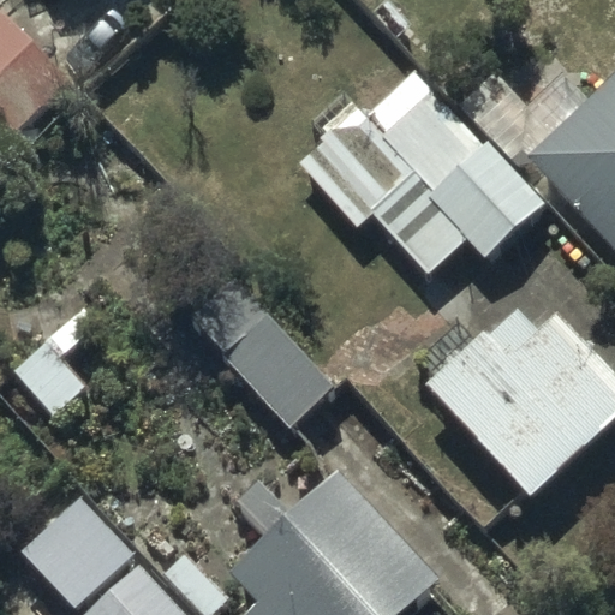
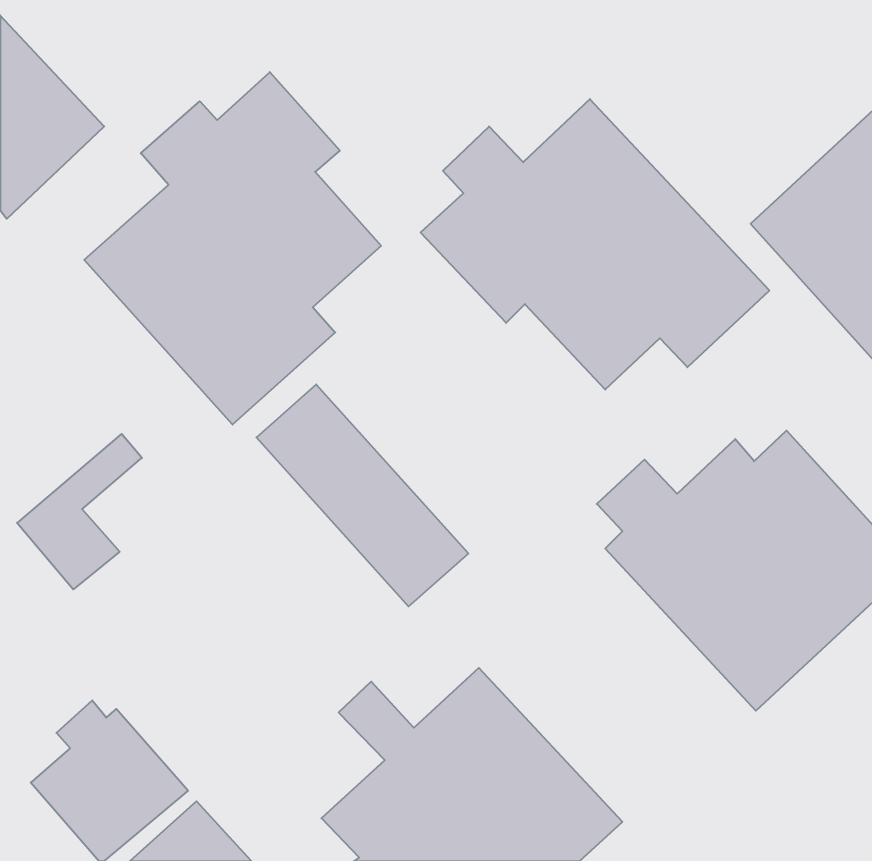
building: none -> [84,72,381,425]

